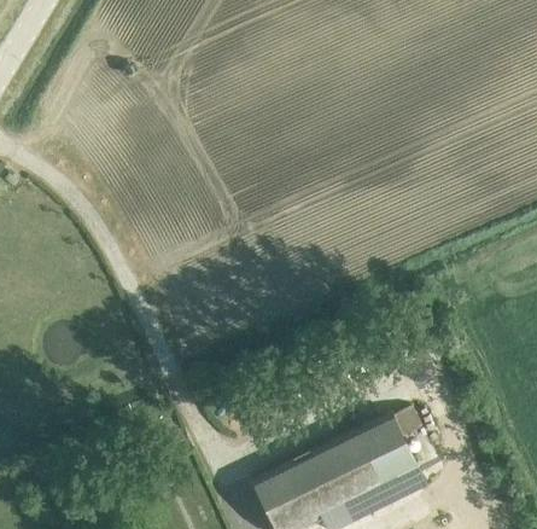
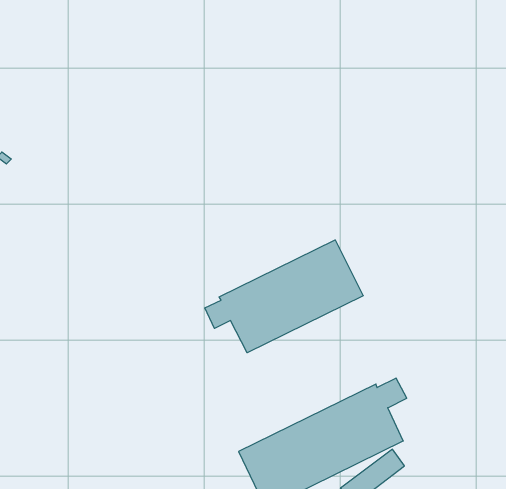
building: none -> [205,240,363,353]

